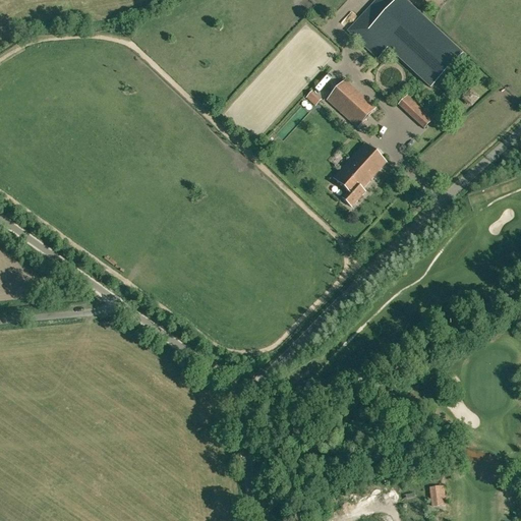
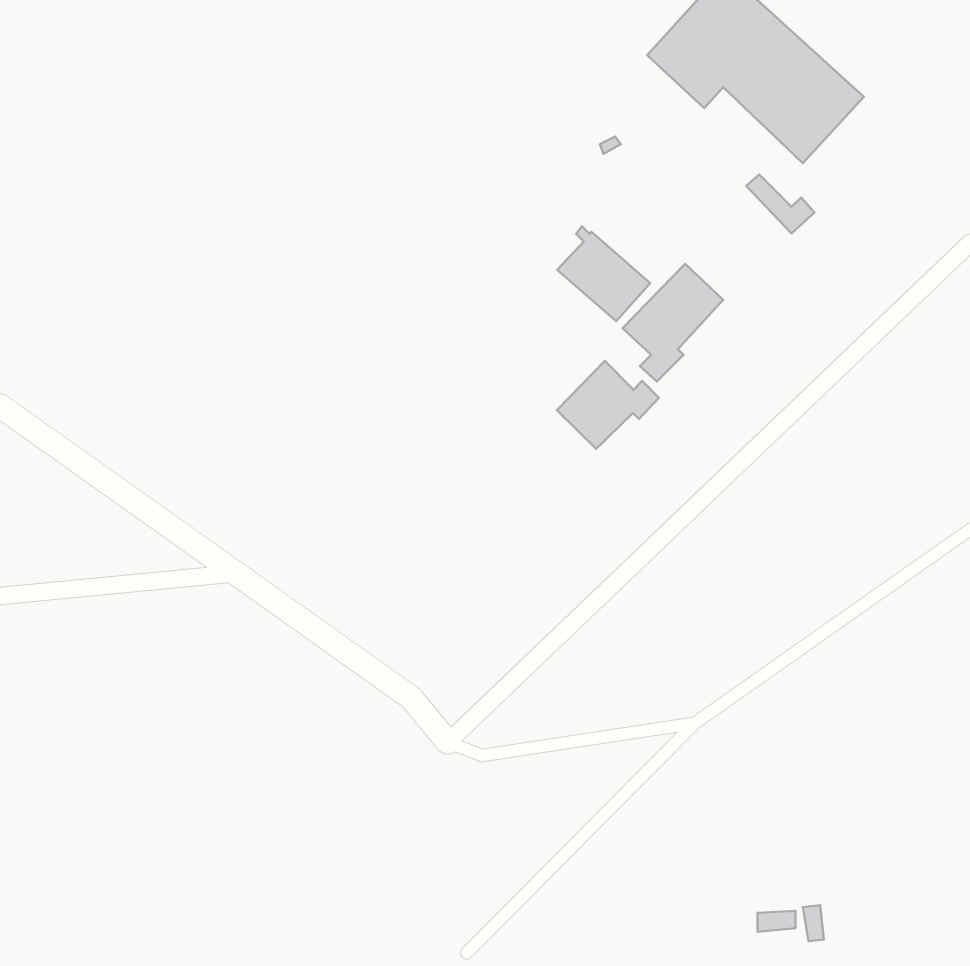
building: [326,76,375,127] -> [557,226,650,321]
building: none -> [557,361,659,449]

